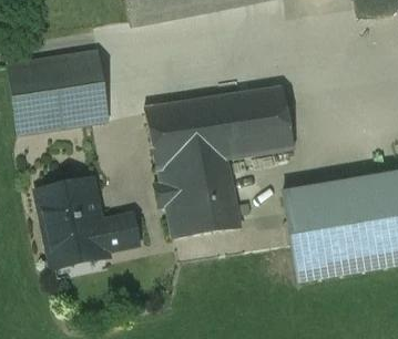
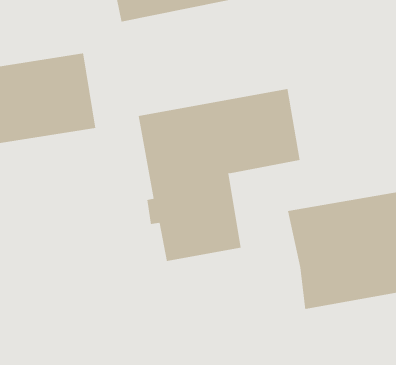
building: [37,178,137,267] -> none

